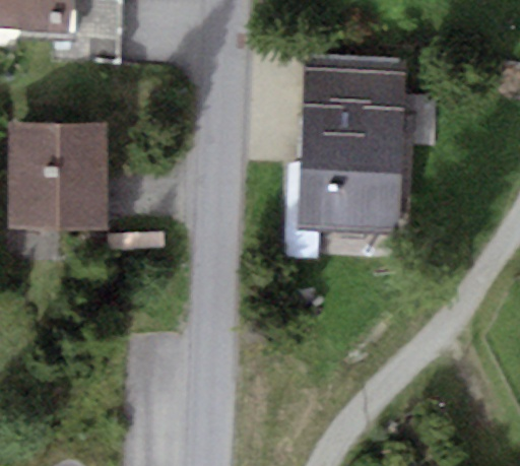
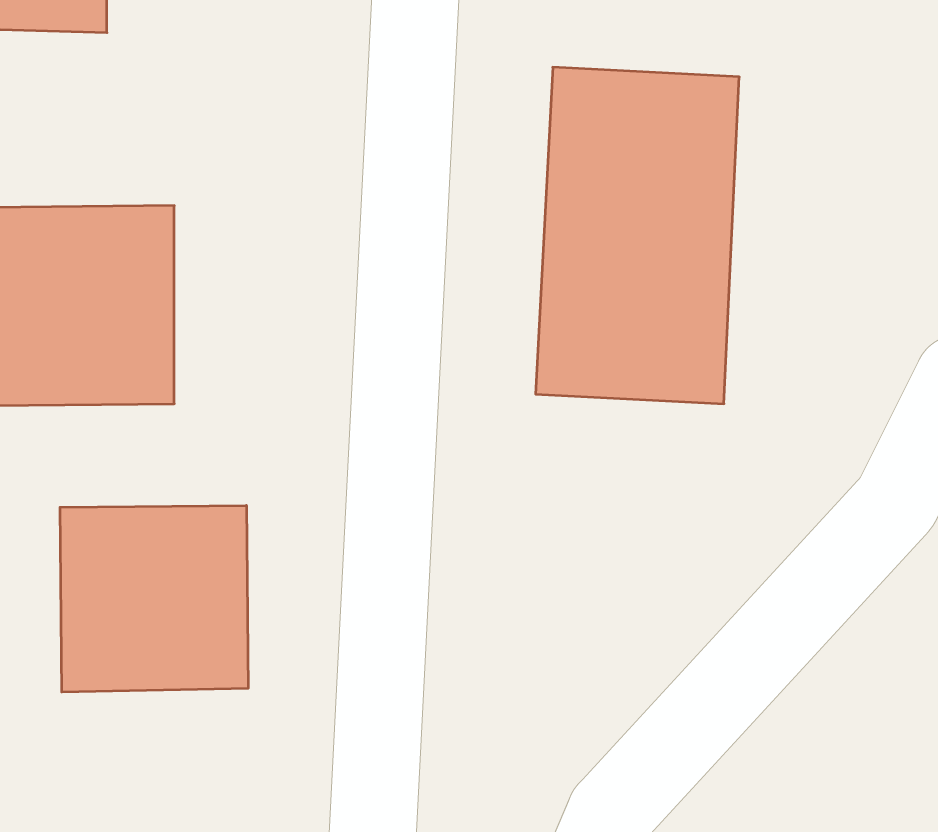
building: none -> [60,505,248,692]

